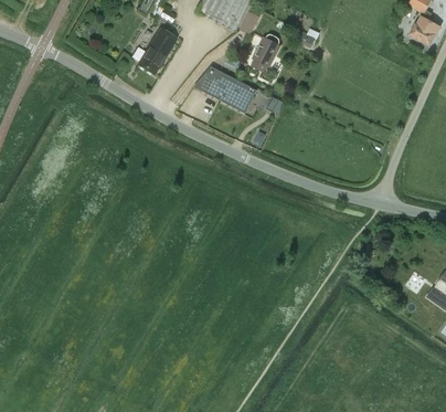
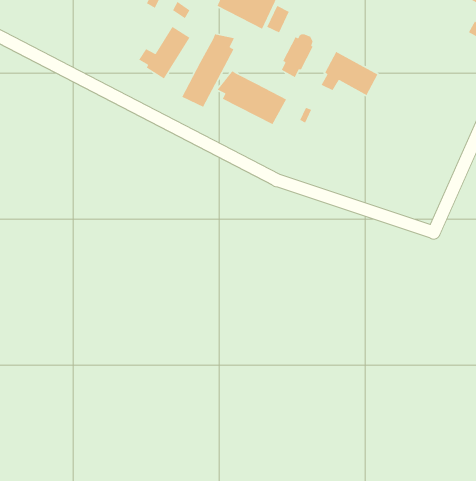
building: none -> [181,33,235,108]
building: none -> [321,51,379,96]

